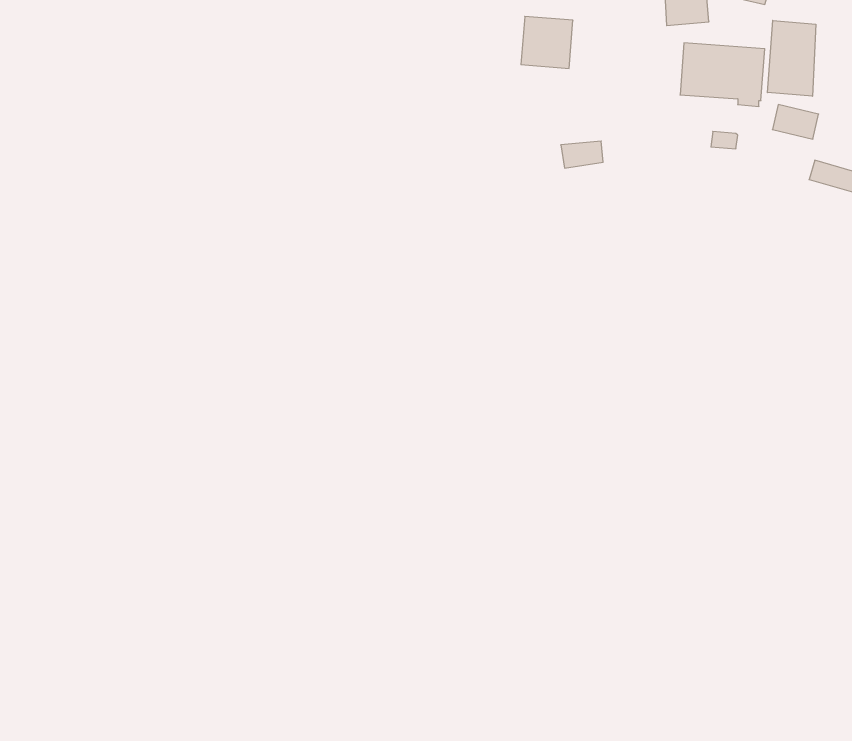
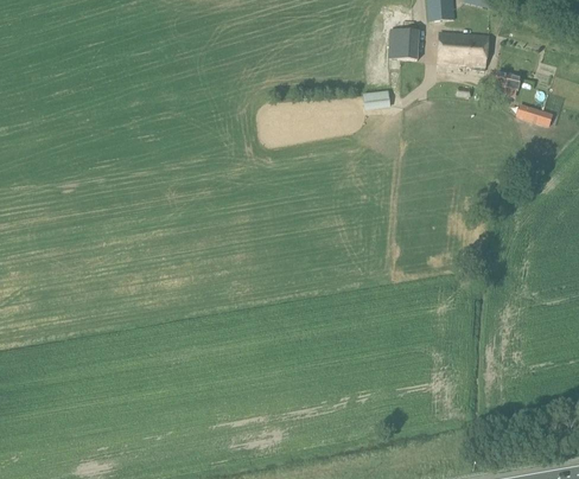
building: [521,16,573,68] -> [388,27,420,59]
building: [767,20,816,96] -> none

